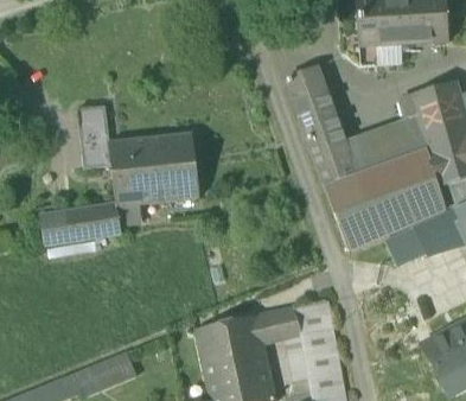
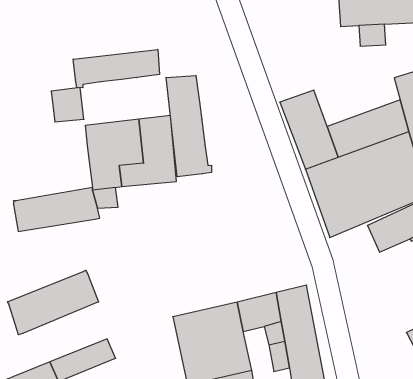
building: [285,65,332,119] -> none
building: none -> [73,49,159,88]
building: none -> [166,75,212,177]
building: [79,135,111,167] -> none
building: none -> [7,270,99,335]

